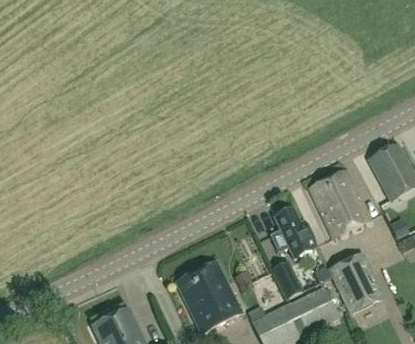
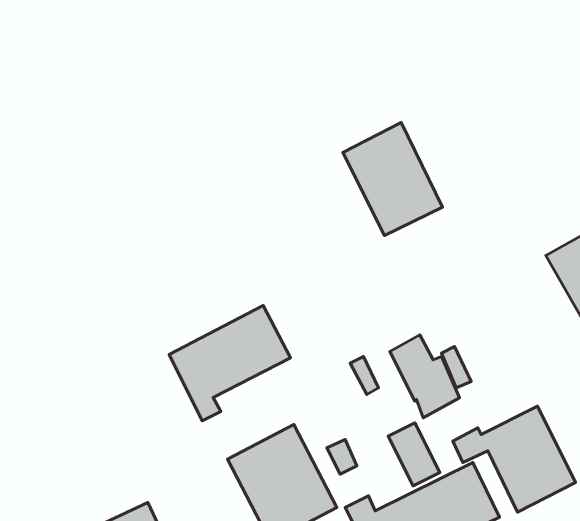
building: [308,169,368,237] -> [343,123,442,235]
building: none -> [169,306,291,421]

